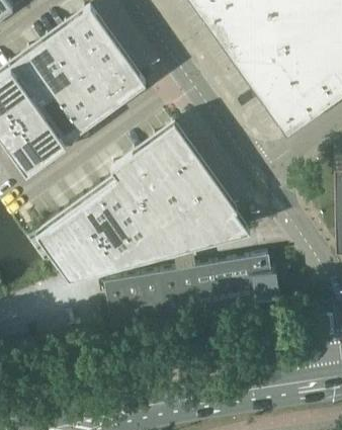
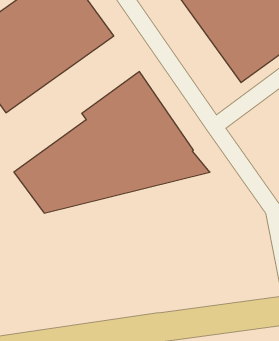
building: [105,254,278,330] -> none

